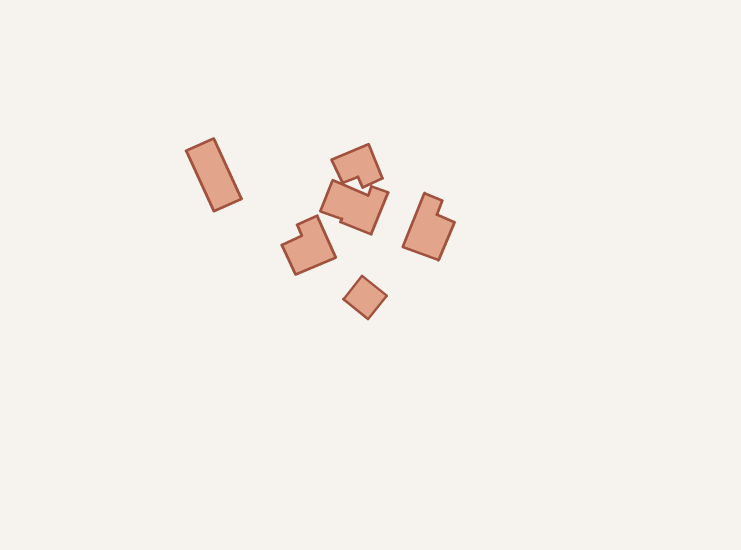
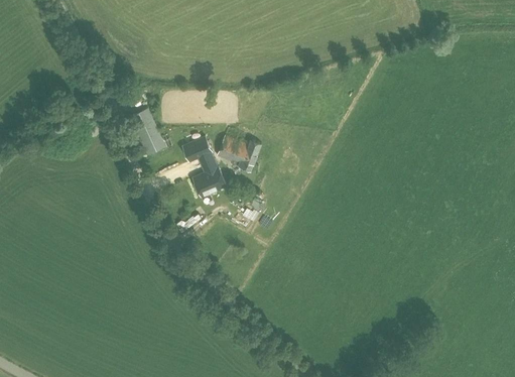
building: [332,144,383,188] -> [180,135,214,163]
building: [403,193,454,260] -> none

